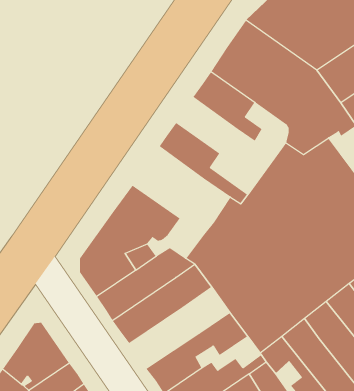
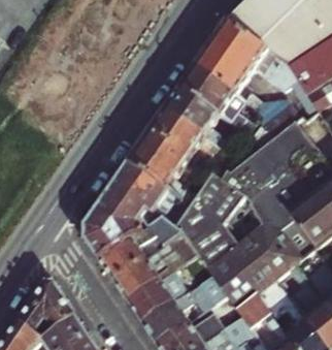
building: none -> [165,87,225,146]
building: none -> [128,129,197,204]
building: none -> [125,267,186,320]

